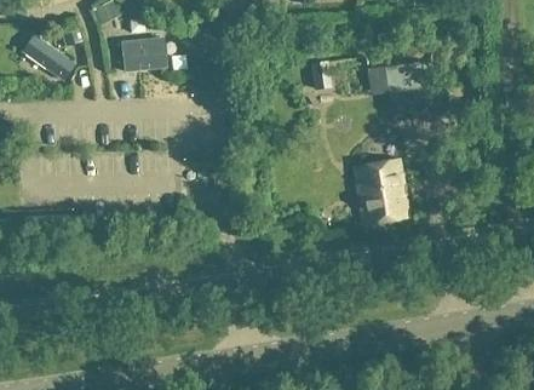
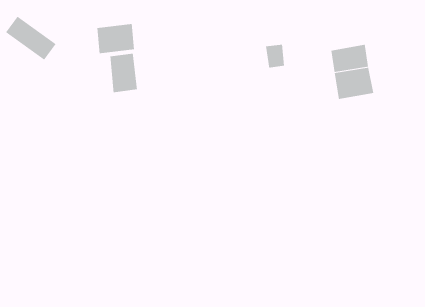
building: none -> [110,53,138,93]
building: [355,160,408,225] -> none

